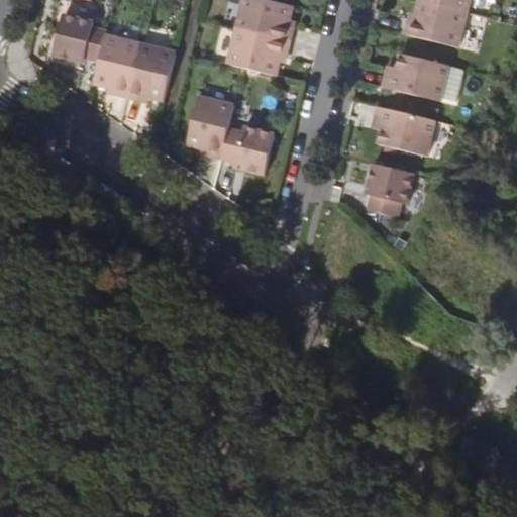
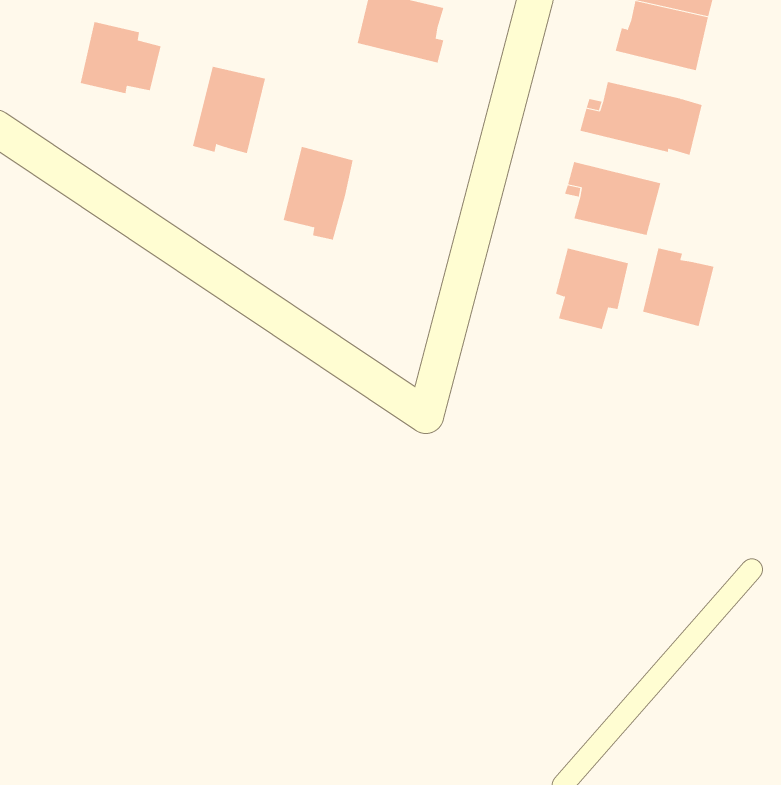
building: [226,28,288,75] -> none
building: [93,34,139,96] -> none
building: [219,126,274,175] -> none
building: none -> [643,248,714,327]

